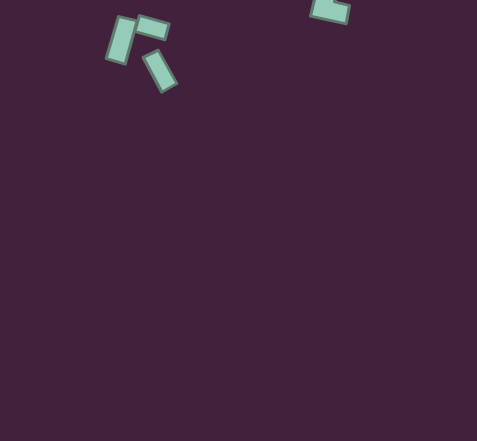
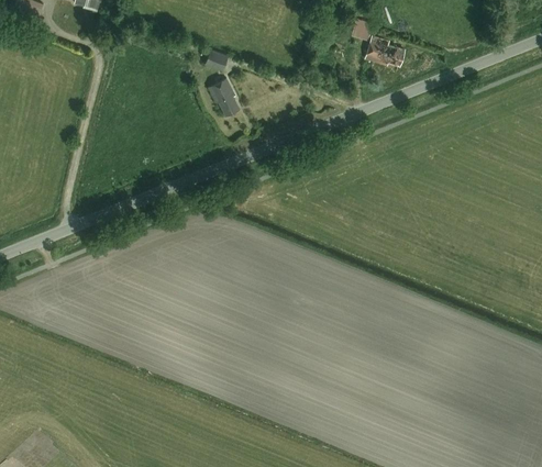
building: [106,16,137,64] -> none

